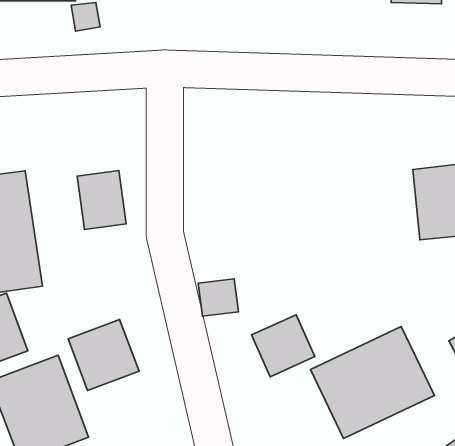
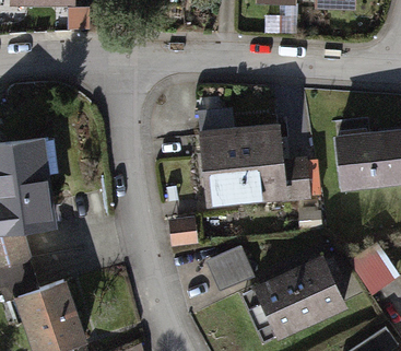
building: none -> [196,122,311,208]
building: [77,171,126,230] -> none
building: [68,319,139,391] -> none

